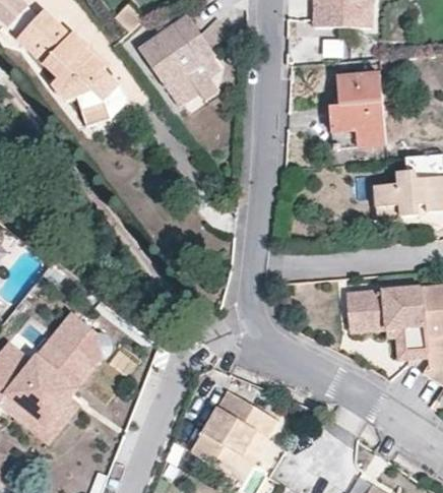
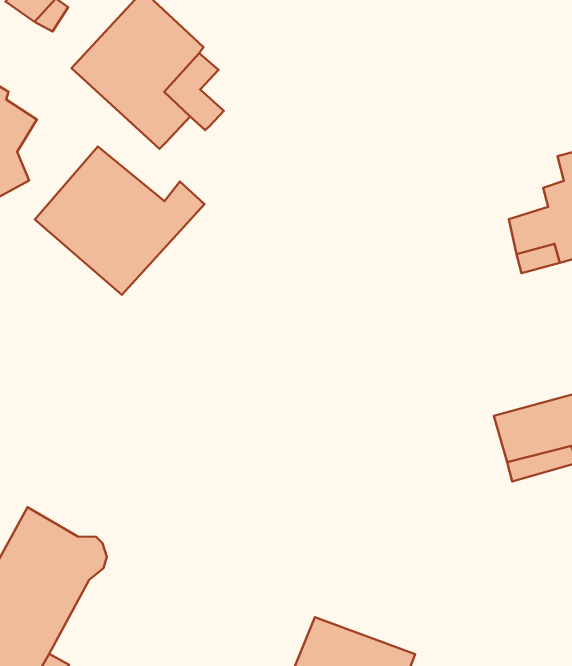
building: [327,71,384,145] -> none
building: none -> [35,146,204,295]

